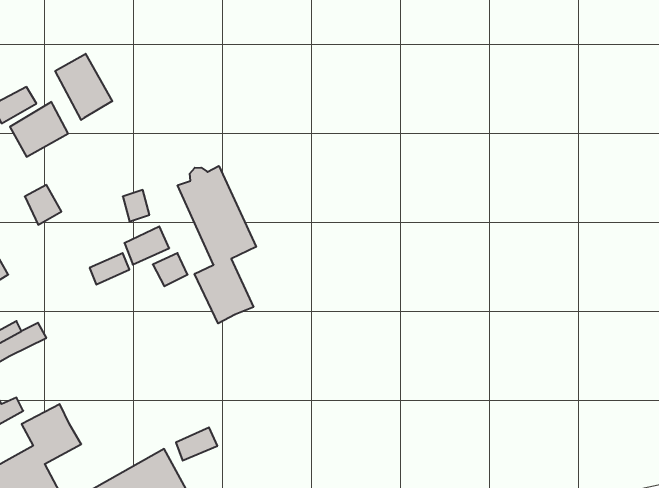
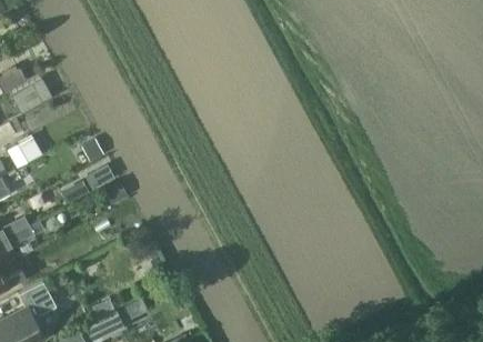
building: [55,54,112,120] -> none
building: [178,166,256,323] -> none

